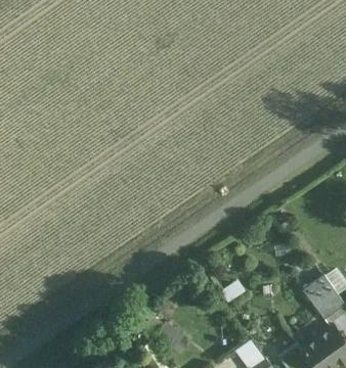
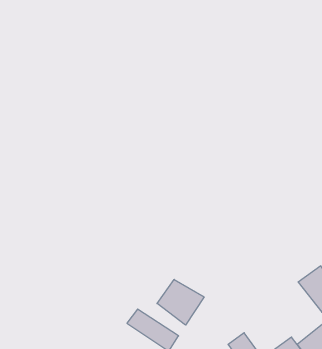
building: none -> [157,279,204,325]

